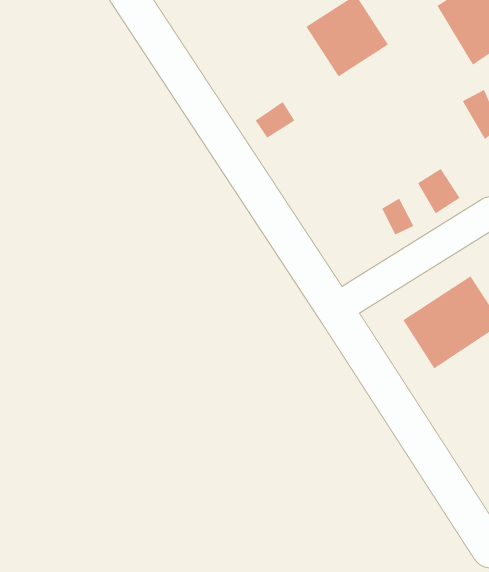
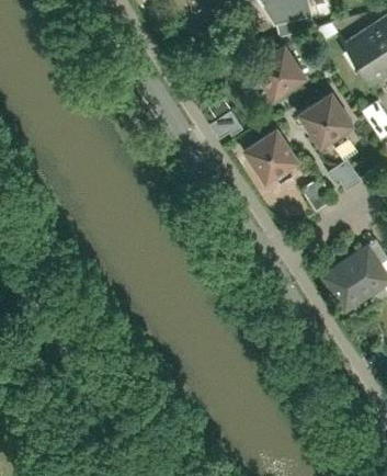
building: none -> [298,91,360,152]
building: none -> [240,125,304,189]

